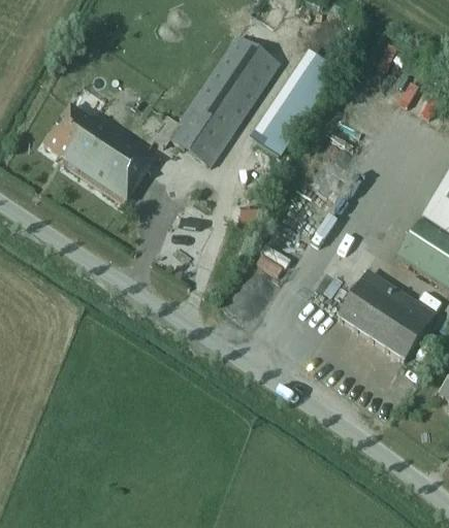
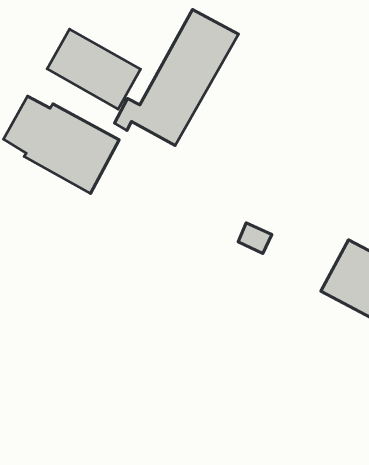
building: none -> [47,29,141,109]
building: [263,52,343,158] -> none

